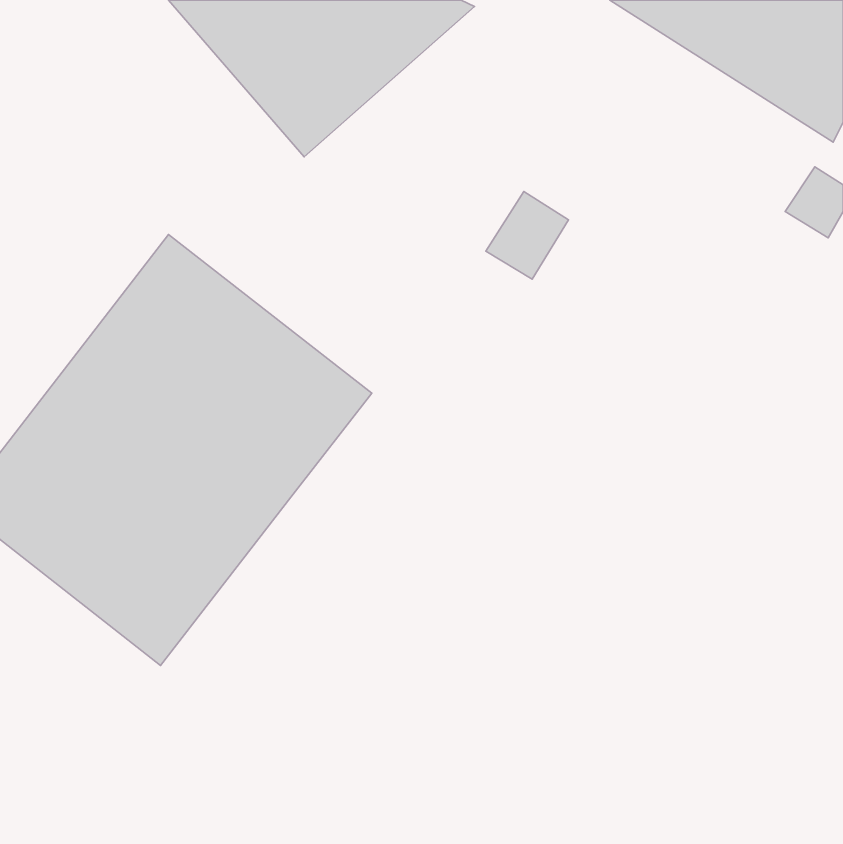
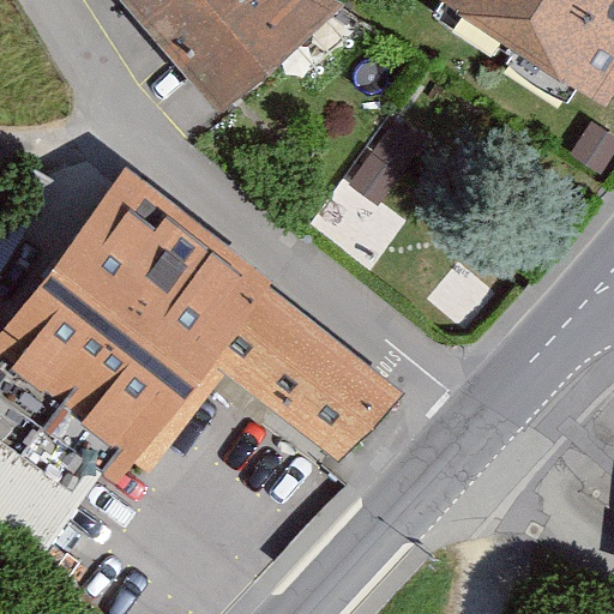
building: none -> [211,285,404,458]

